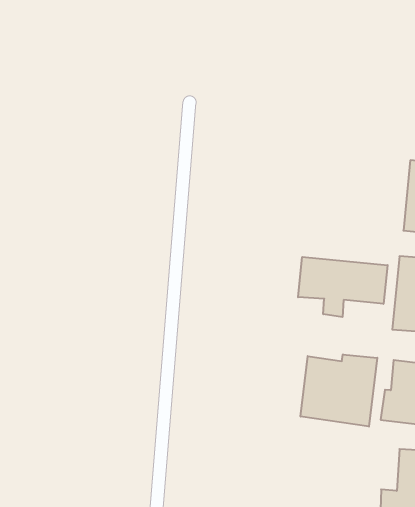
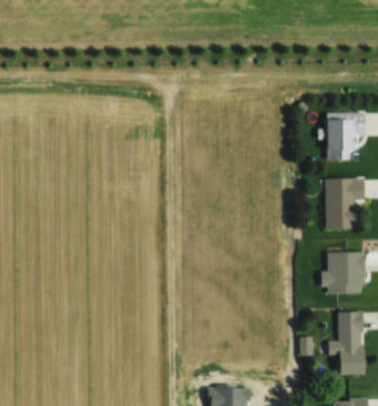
building: [298,257,388,317] -> none
building: [301,354,377,427] -> none

